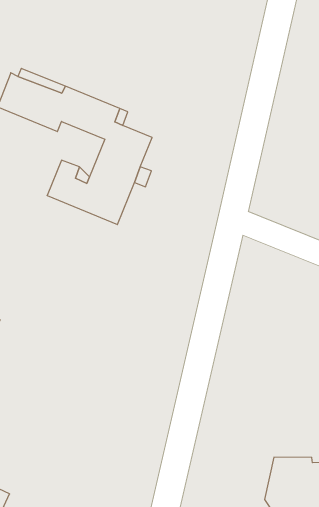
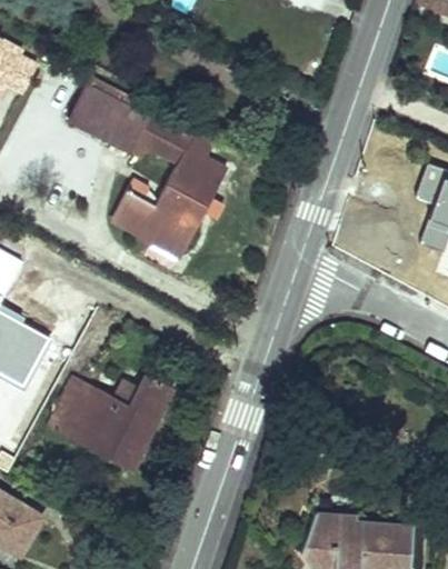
building: none -> [50,376,172,469]

